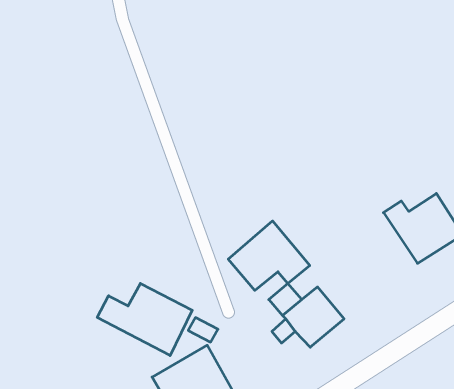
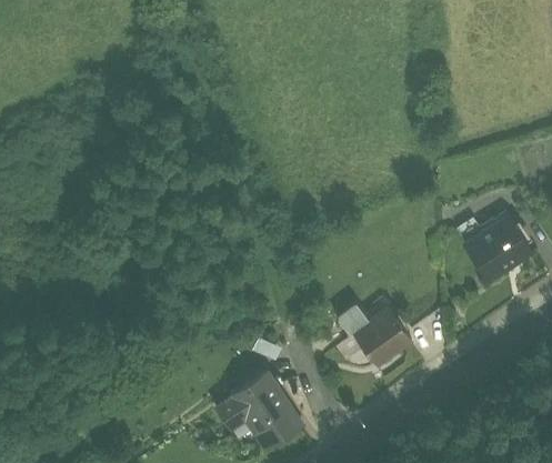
building: [228,221,310,290] -> none
building: [97,283,192,356] -> none

